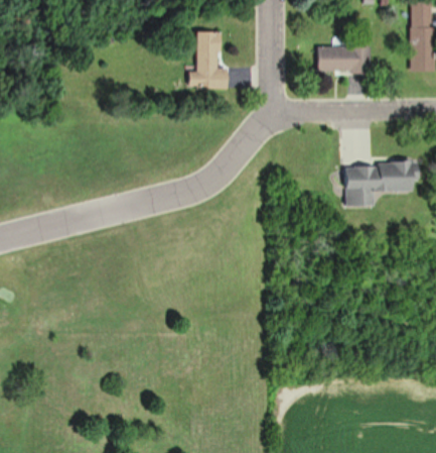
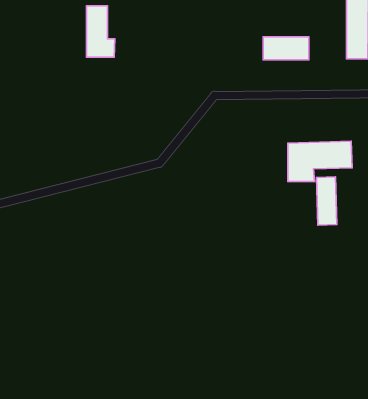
building: [196,32,228,89] -> [87,6,115,57]
building: none -> [317,177,337,225]

